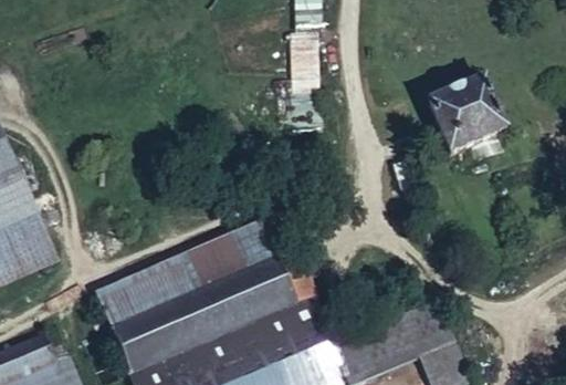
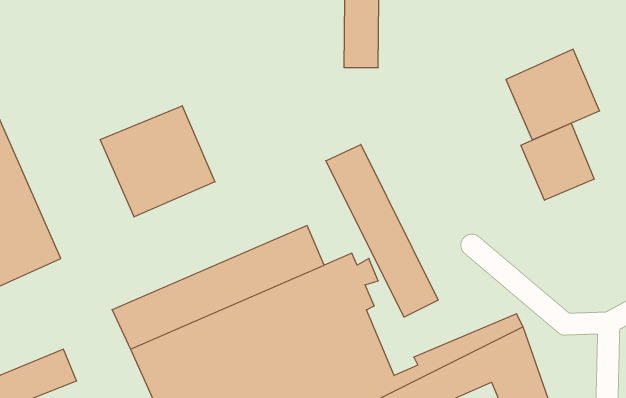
building: none -> [100,106,215,217]
building: none -> [521,123,594,200]
building: none -> [326,144,438,317]

